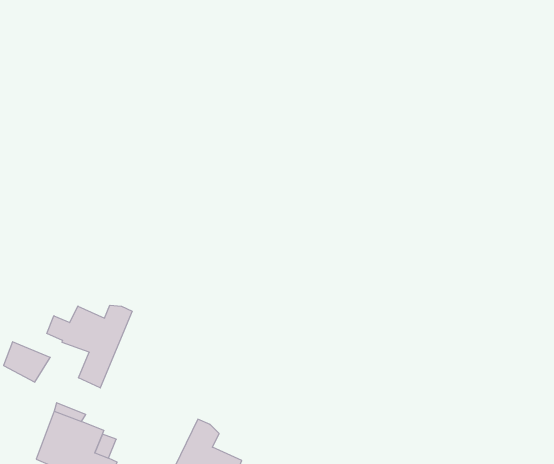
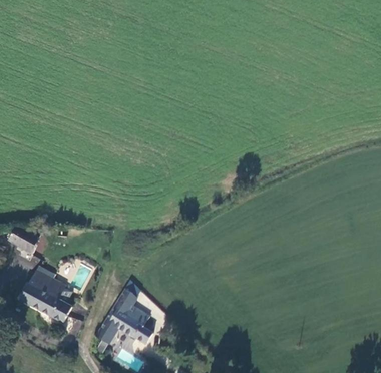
building: [47,305,132,388] -> none

